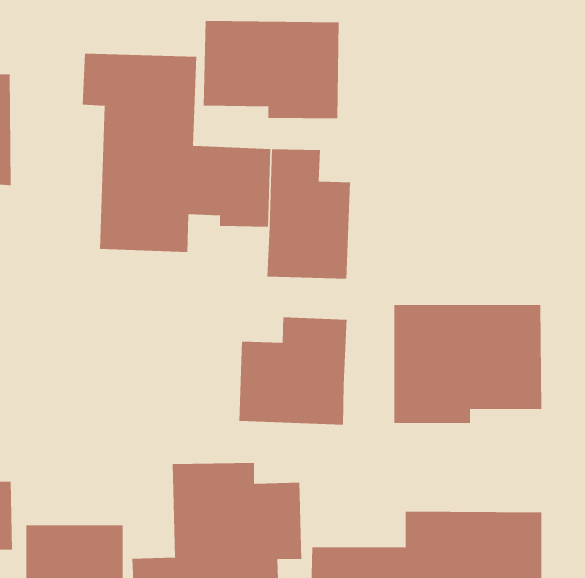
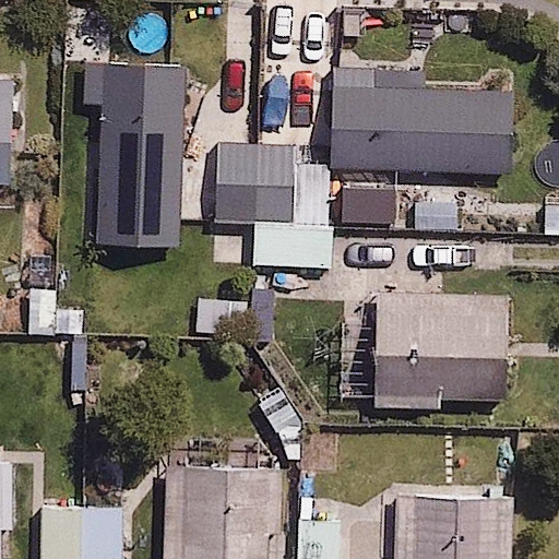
building: [203,20,339,119] -> none
building: none -> [331,68,514,175]
building: [239,316,347,426] -> none

